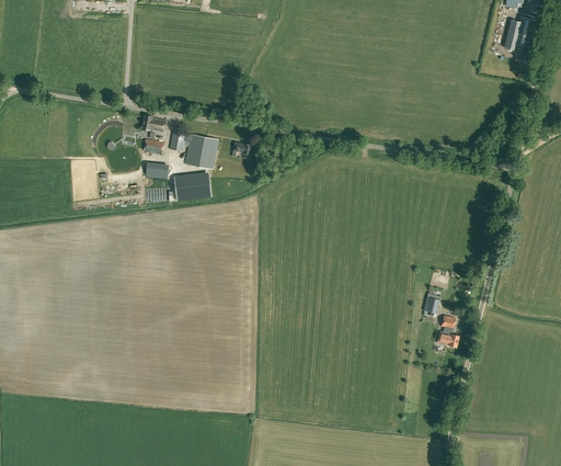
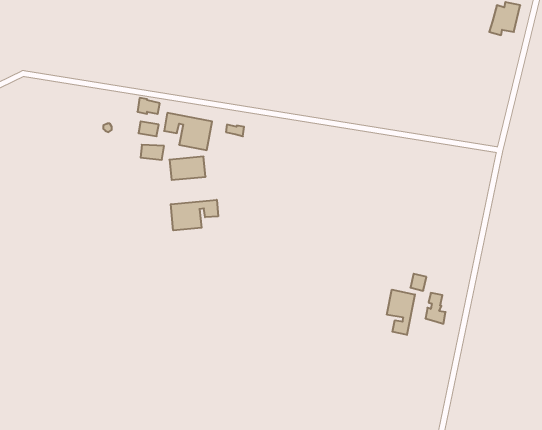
building: none -> [171,200,218,230]
building: none -> [387,290,415,335]

